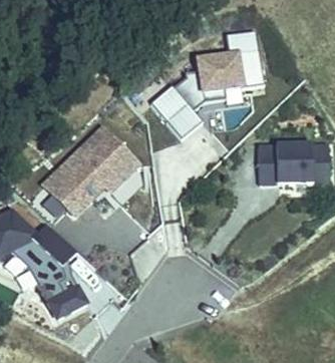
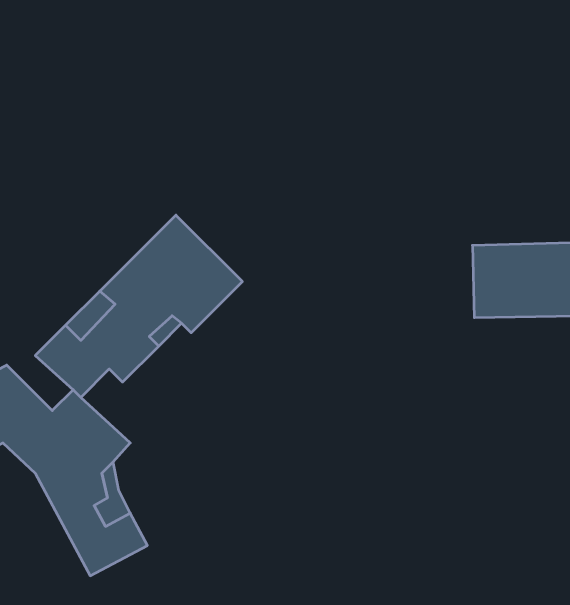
building: [150,28,264,138] -> none

